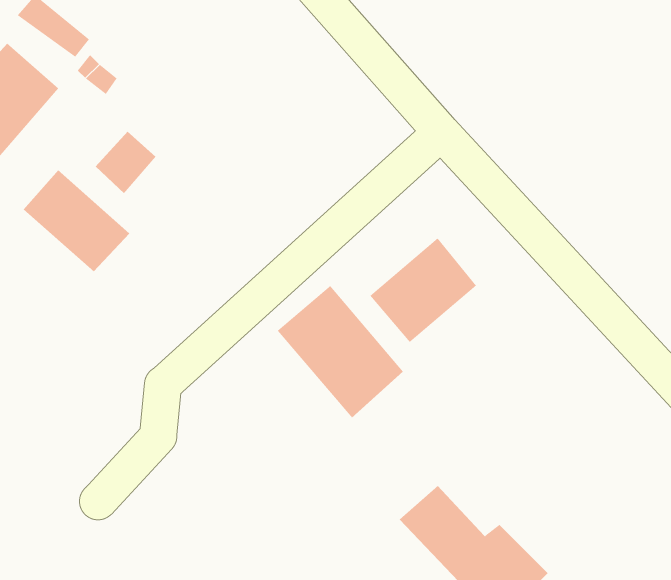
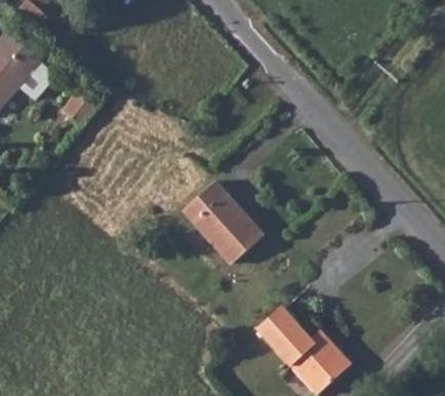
building: [23,170,130,272] -> none
building: [369,237,477,343] -> none

